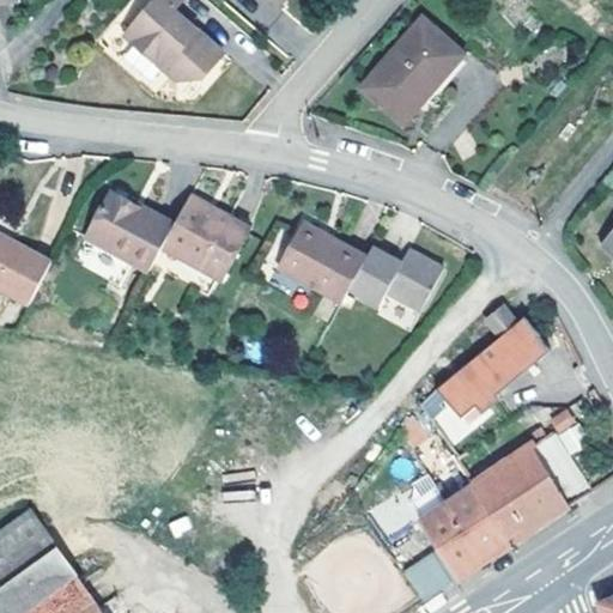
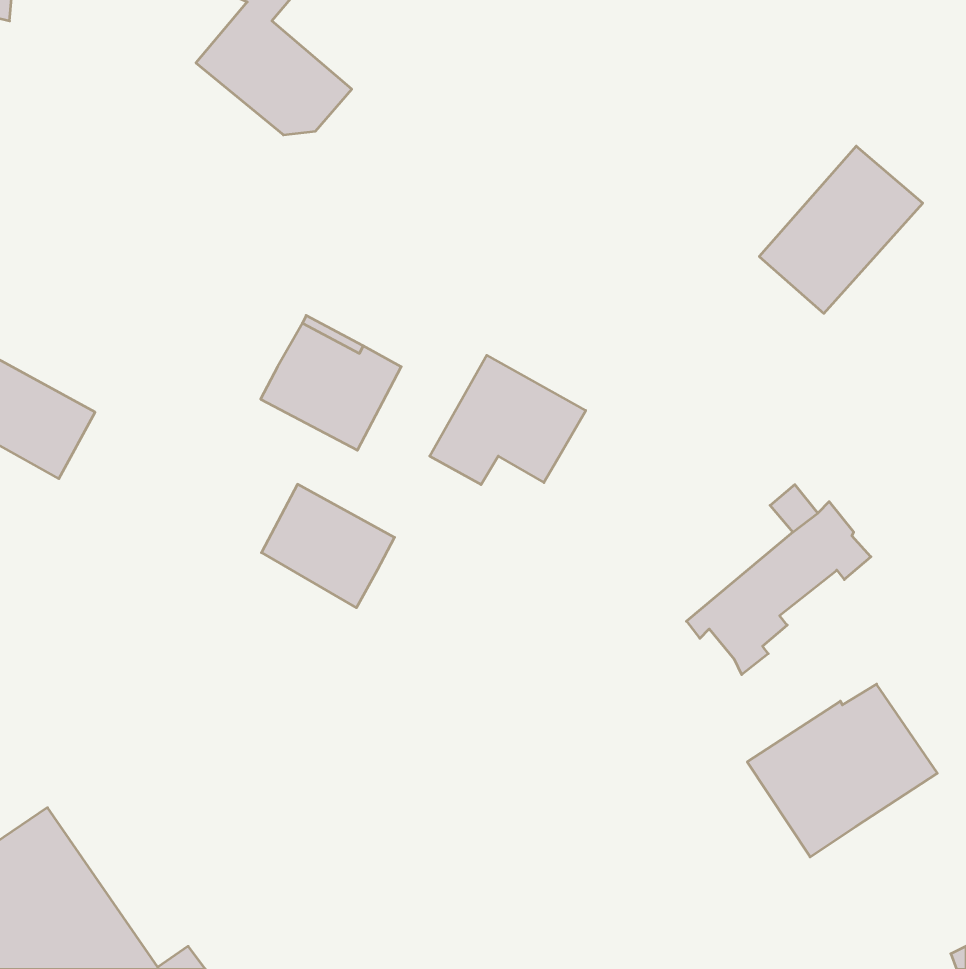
building: [358,16,461,121] -> [759,146,923,313]
building: [91,198,175,275] -> [261,484,395,608]
building: [351,247,448,312] -> none
building: [403,480,510,597] -> none

